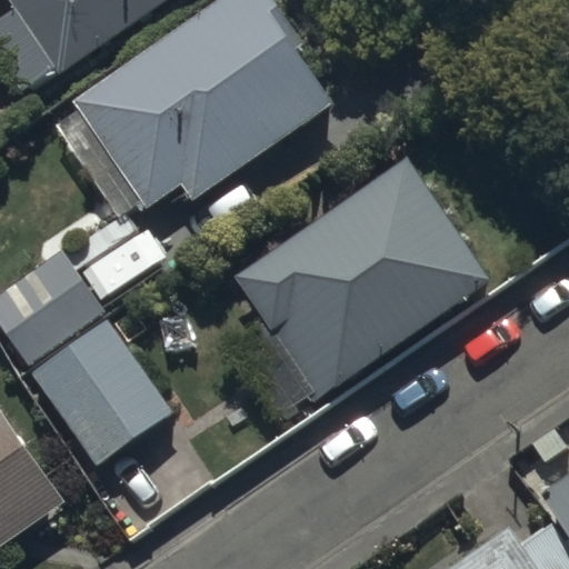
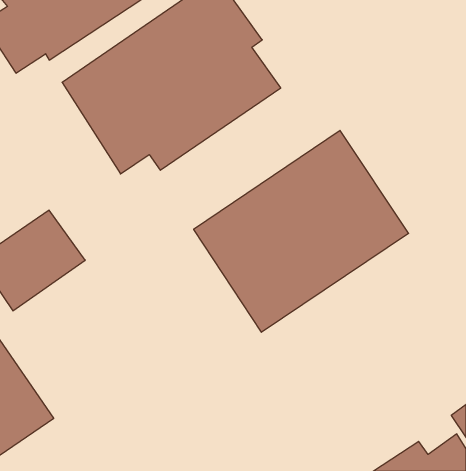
building: [27,318,173,468] -> none

